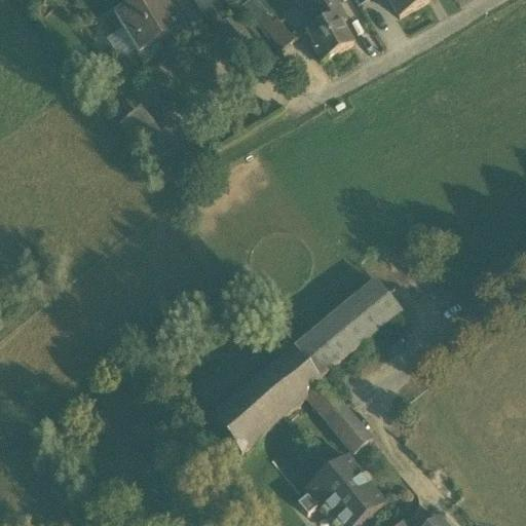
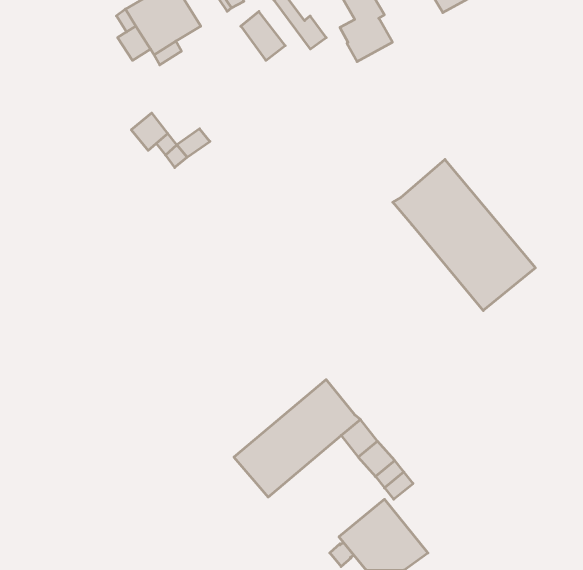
building: none -> [393,159,535,311]
building: [294,275,401,374] -> none

